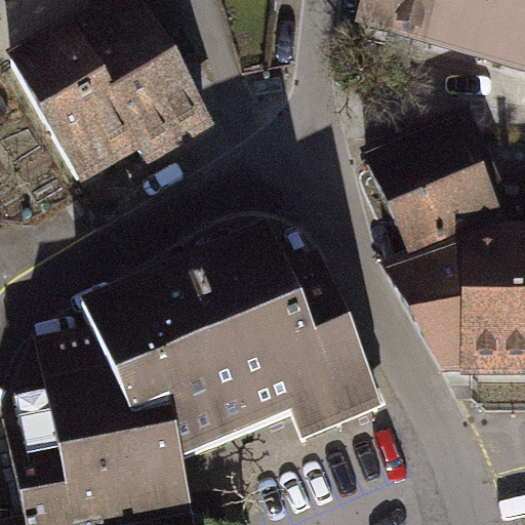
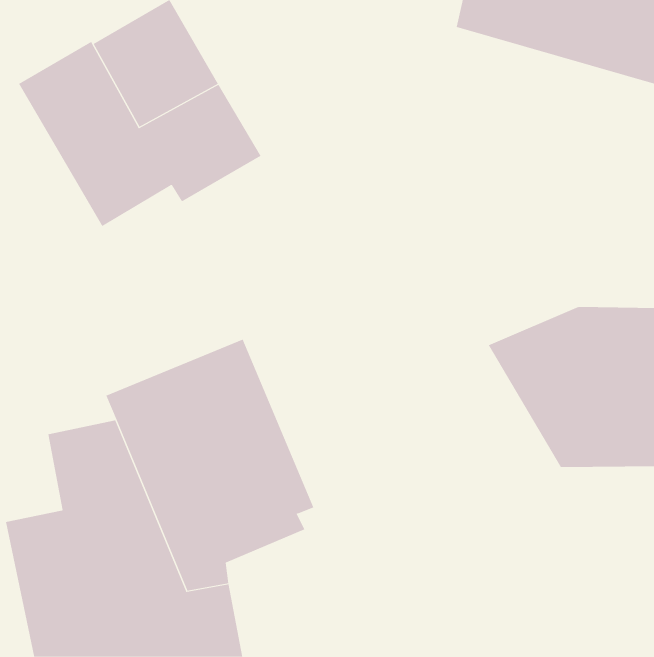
building: [372,135,502,260] -> none
building: [197,238,383,445] -> none

